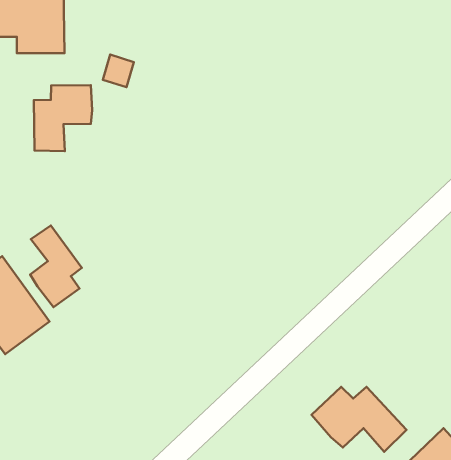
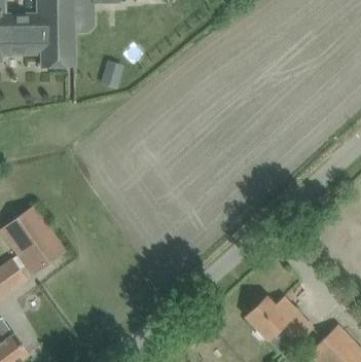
building: [34,85,92,151] -> none
building: [30,225,82,307] -> none

